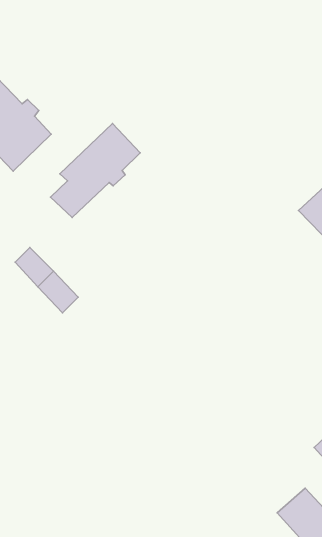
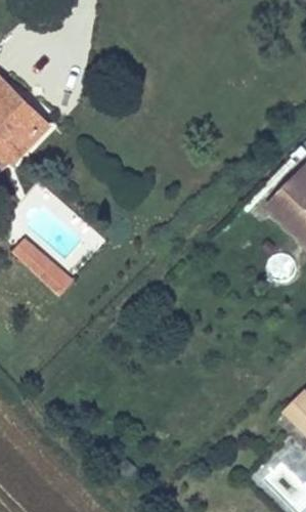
building: [51,124,140,217] -> none

